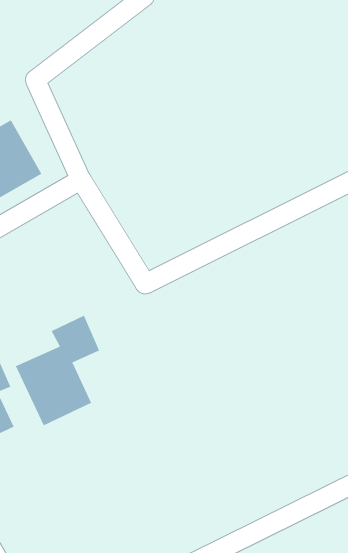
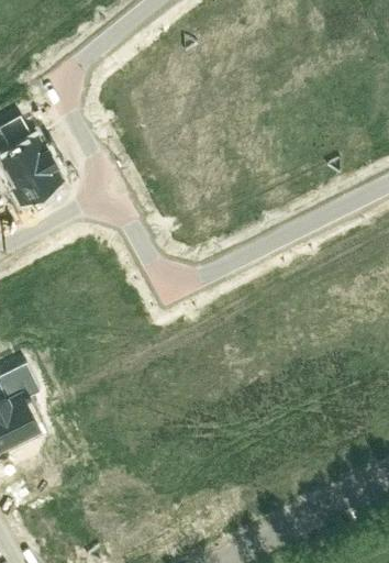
building: [15,315,100,426] -> none

